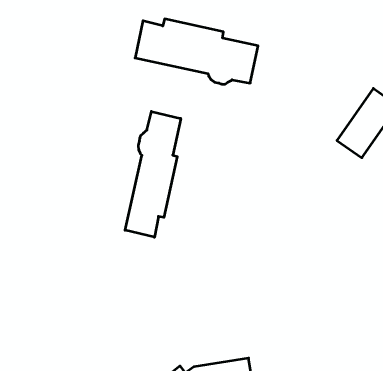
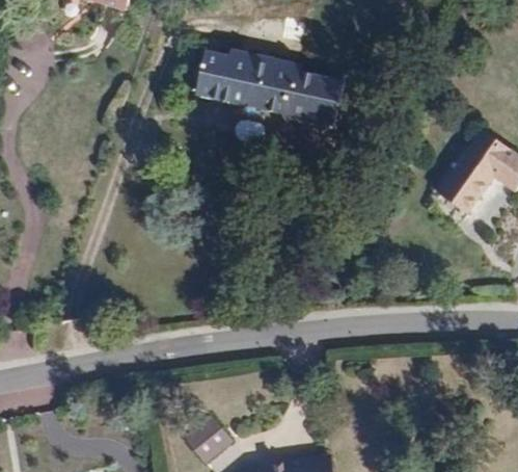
building: [125,111,181,237] -> none
building: none -> [189,422,233,461]

